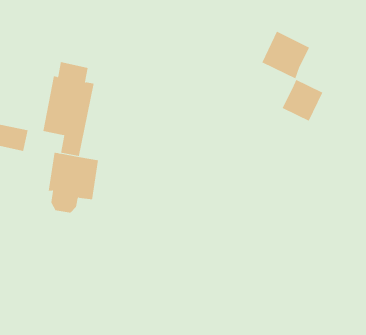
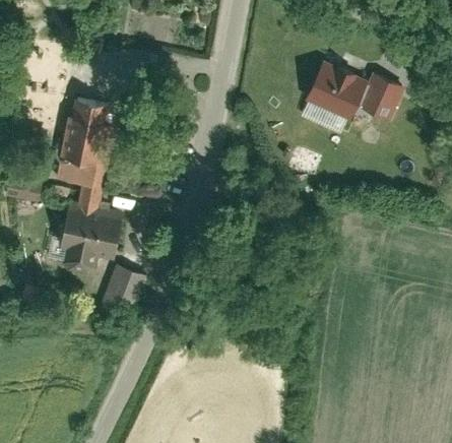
building: [282,79,323,121] -> [353,70,401,119]
building: none -> [100,265,147,310]

